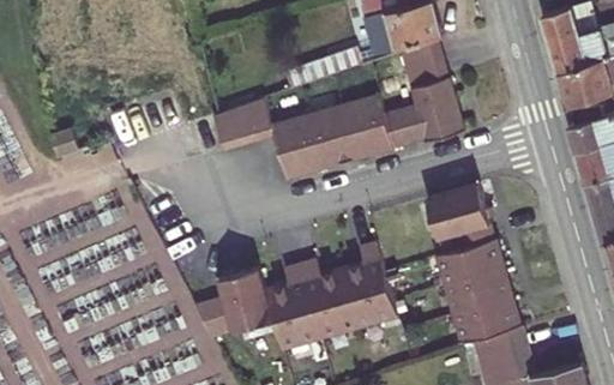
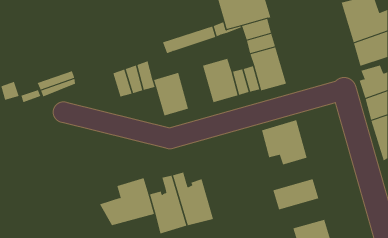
building: [309,106,359,168] -> none
building: [437,239,504,285] -> none
building: [343,241,398,327] -> none
building: [453,297,520,344] -> none

